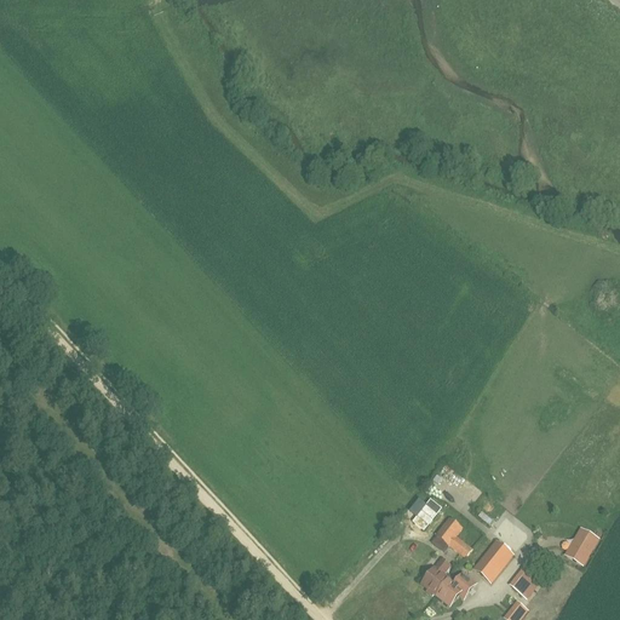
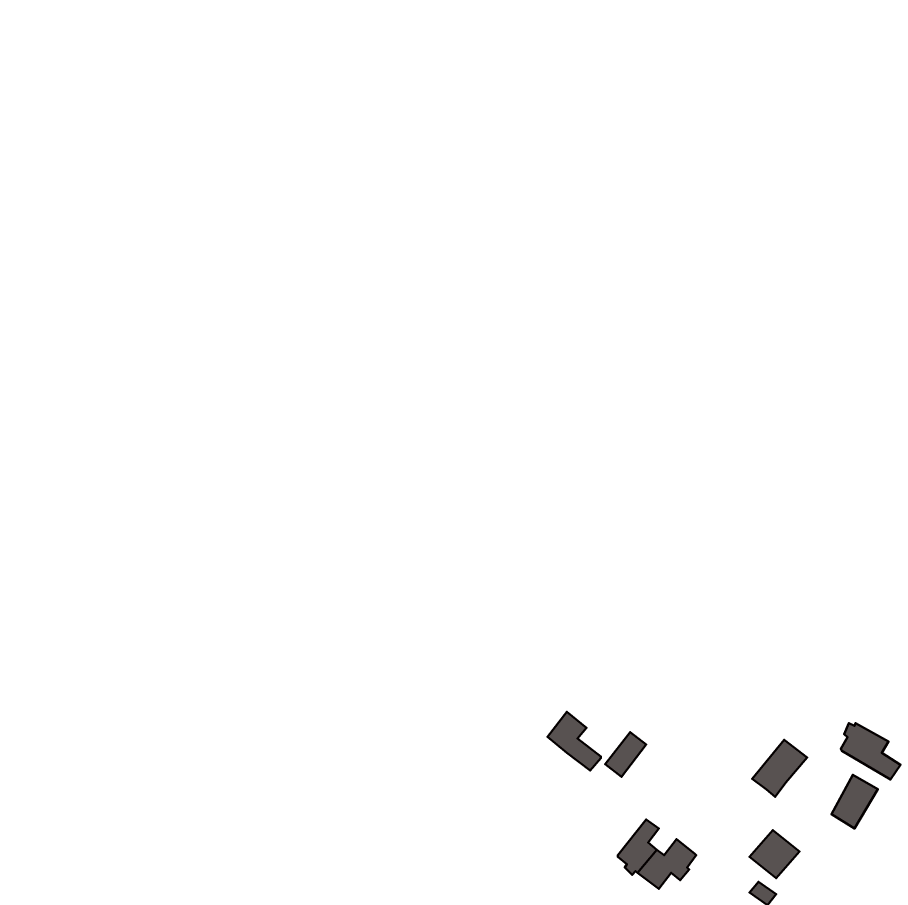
building: none -> [841,723,900,779]
building: [435,516,471,556] -> [547,712,601,771]
building: [473,541,511,580] -> [752,740,807,797]

